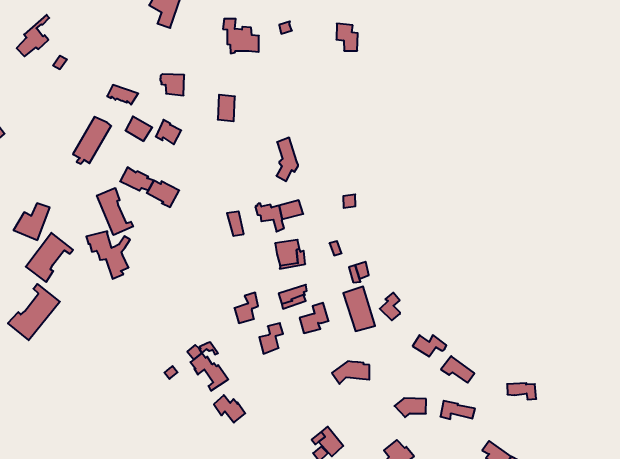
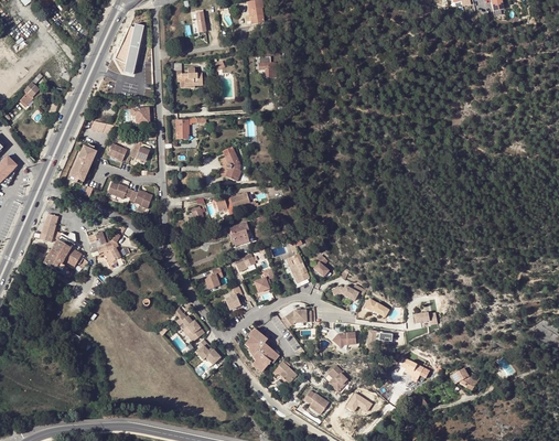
building: [97,188,133,235] -> none
building: [8,284,60,340] -> none
building: none -> [247,327,278,368]

